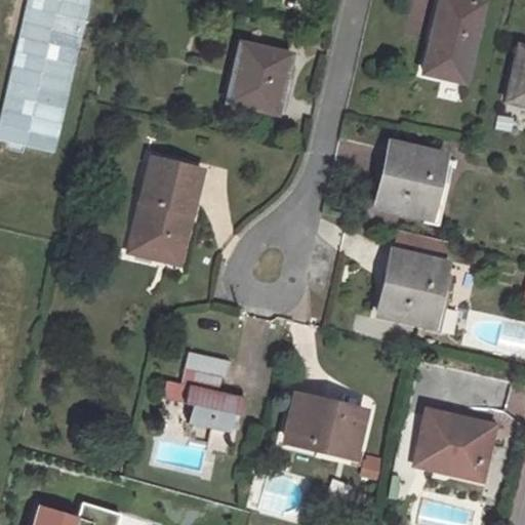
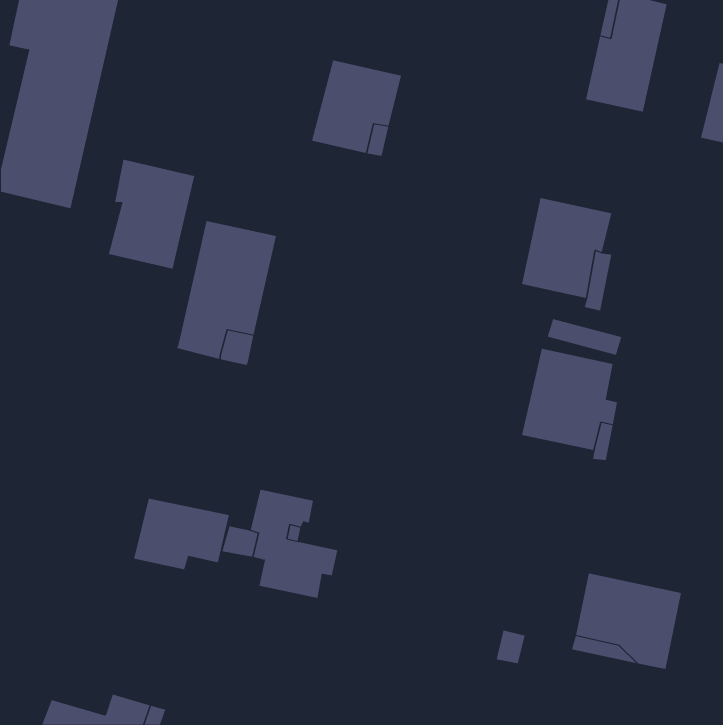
building: none -> [108,159,195,270]
building: none -> [134,498,230,570]
building: [286,395,365,455] -> none

